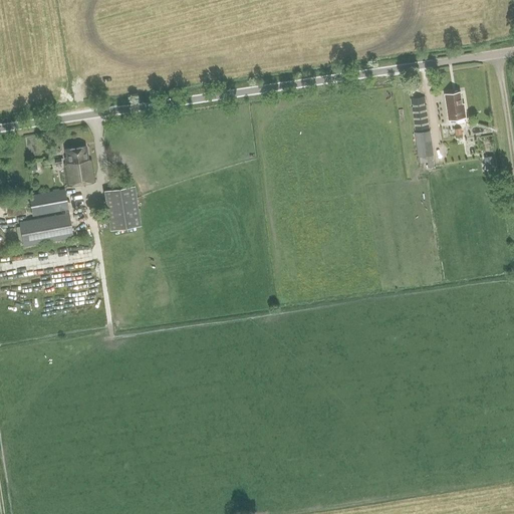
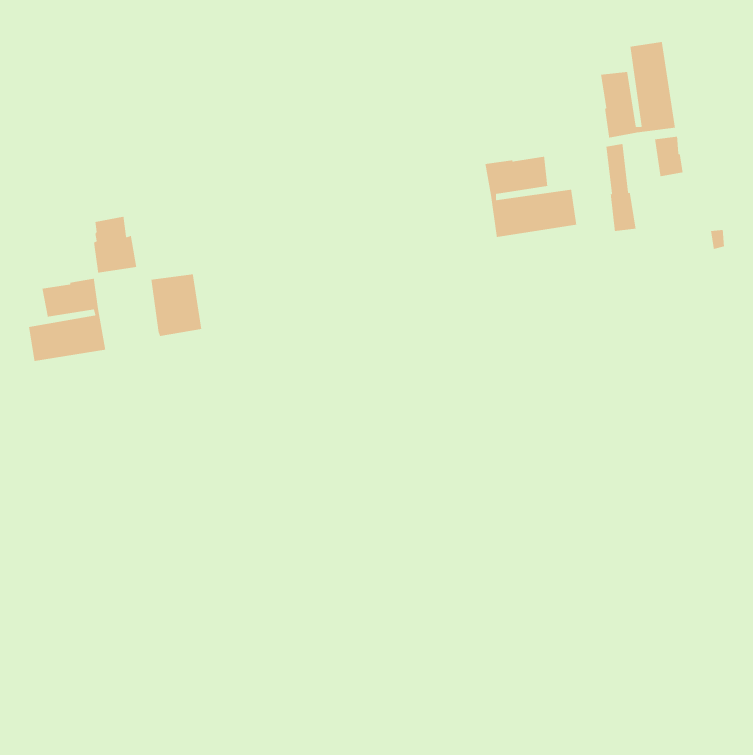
building: none -> [600,41,676,138]
building: none -> [485,156,577,238]

